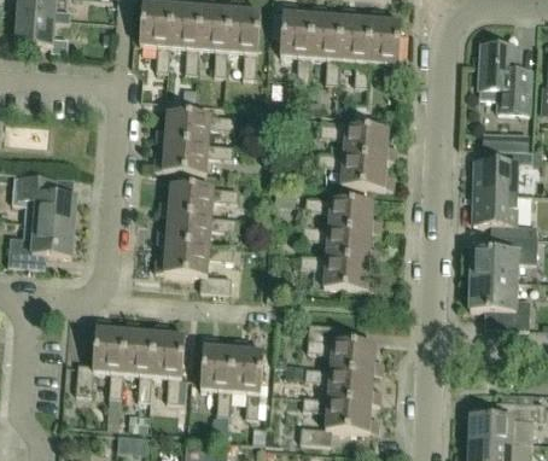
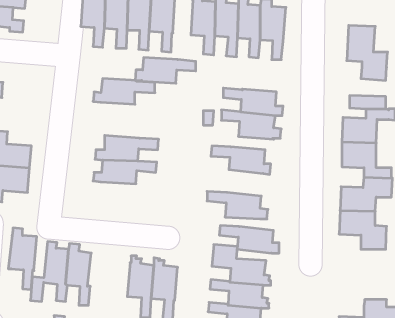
building: [155,140,232,173] -> [135,58,196,83]
building: [303,224,379,259] -> [219,226,279,253]
building: [155,241,233,291] -> none
building: [148,322,185,401] -> [8,228,37,290]

